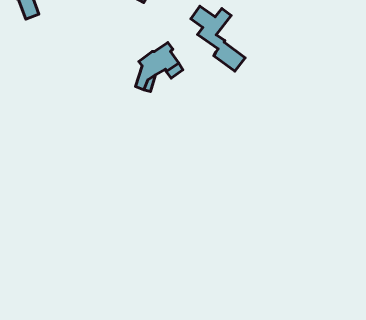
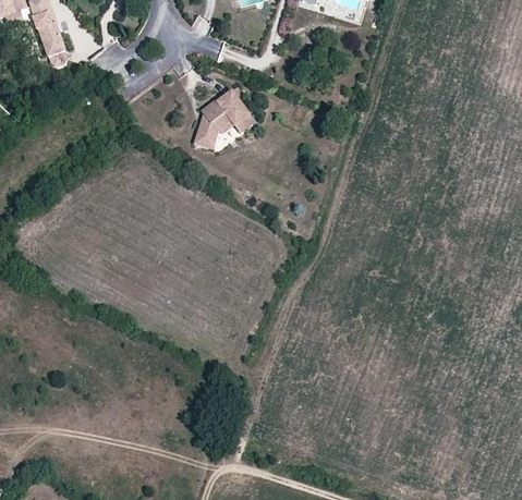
building: [191,6,245,71] -> none

